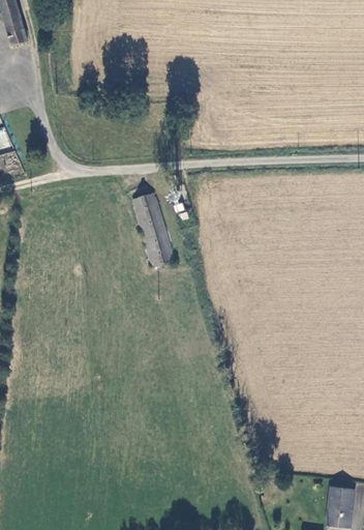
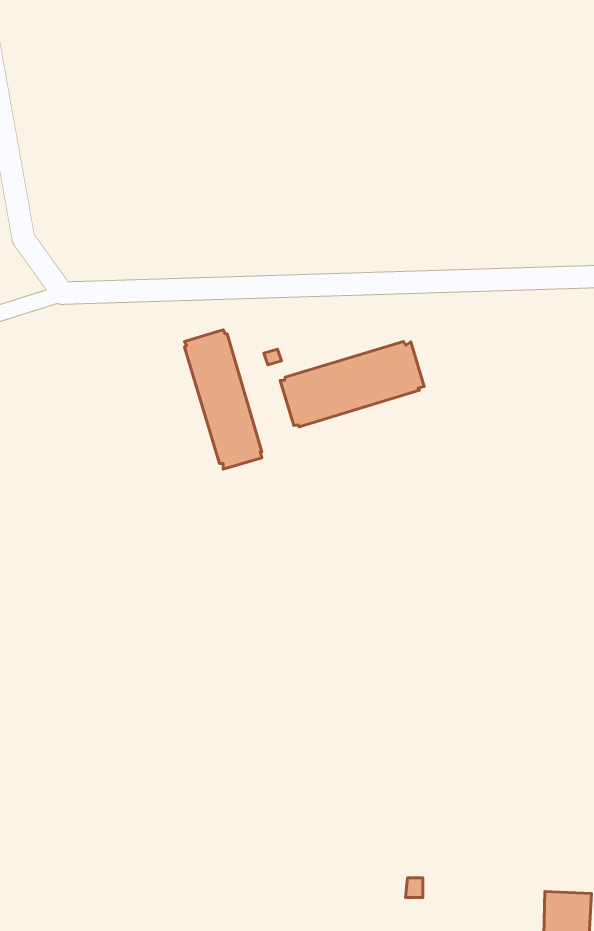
building: none -> [280,341,424,427]

